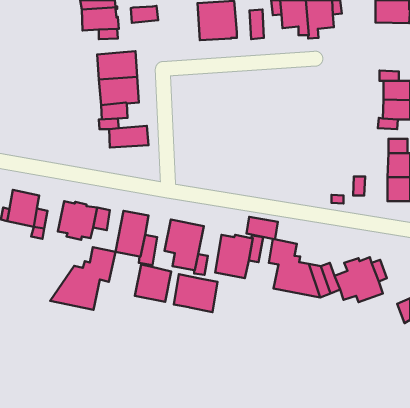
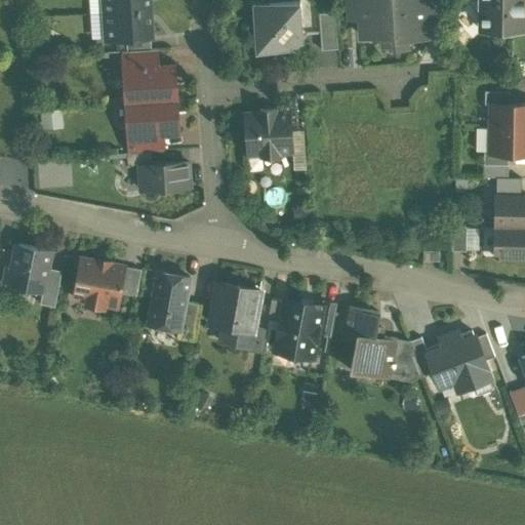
building: [131,6,158,23] -> [123,50,158,72]
building: none -> [245,111,292,159]
building: [246,217,278,239] -> none
building: [50,247,116,310] -> none
building: [135,264,171,302] -> none
building: [174,274,217,312] -> none

